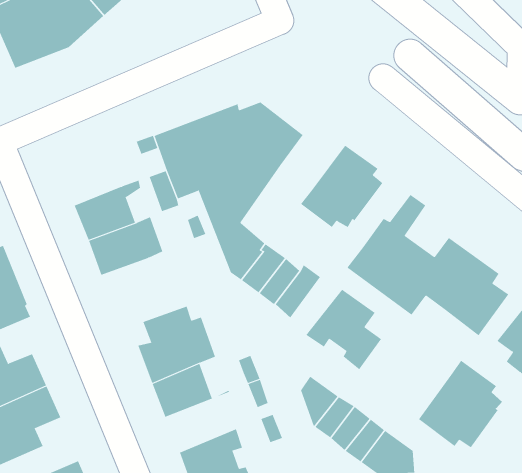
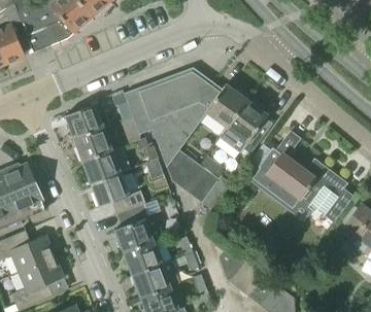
building: none -> [206,83,246,127]
building: none -> [64,101,109,138]
building: none -> [90,172,145,213]
building: [305,289,382,370] -> none
building: [418,360,503,448] -> none
building: none -> [131,258,180,298]

